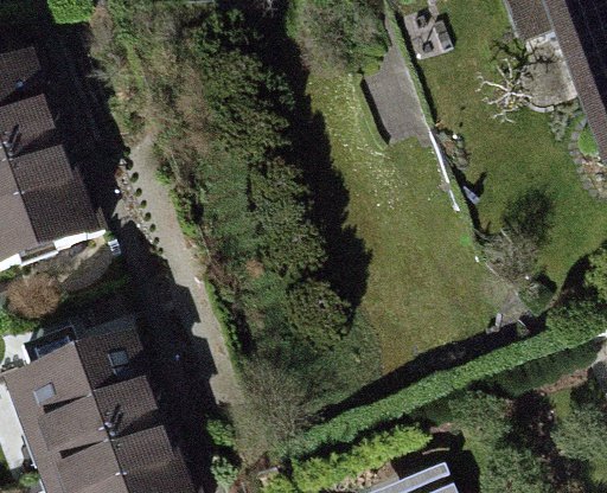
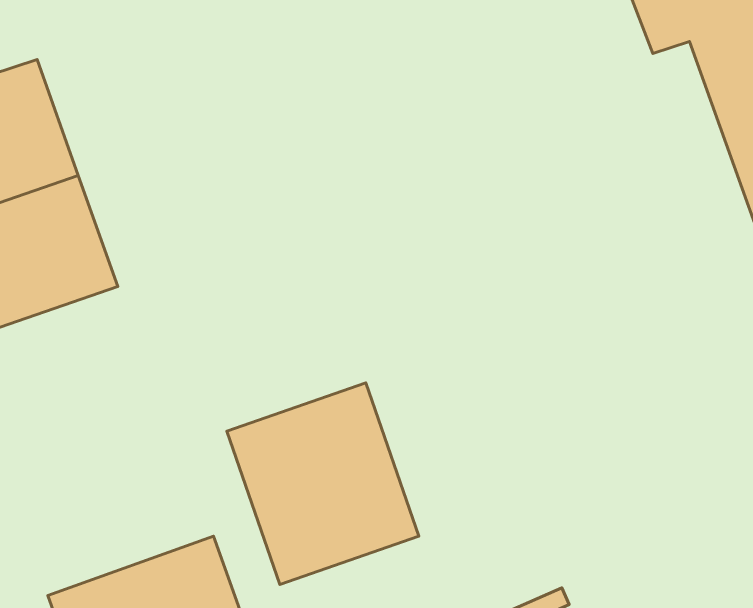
building: none -> [227,383,419,584]
building: [6,331,167,467] -> none

